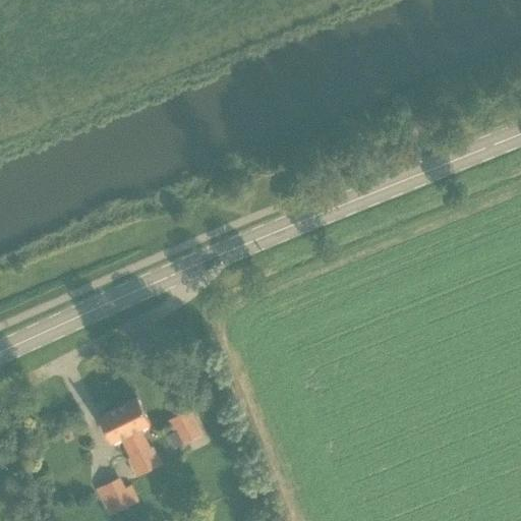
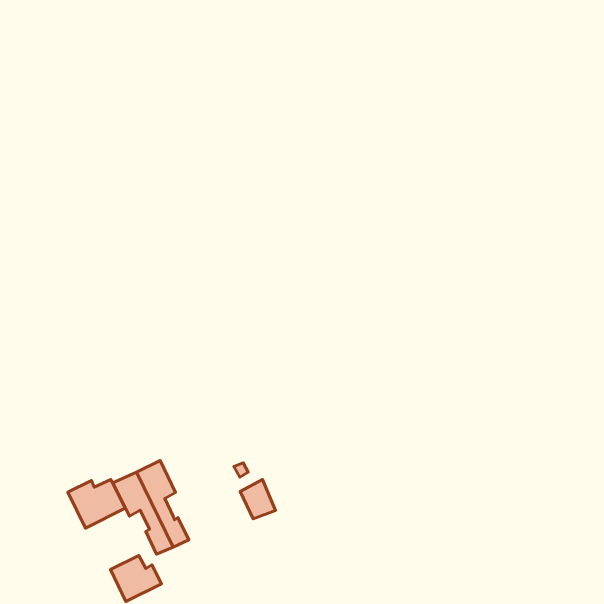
building: [170,411,200,445] -> [240,480,276,519]
building: none -> [68,479,125,528]

